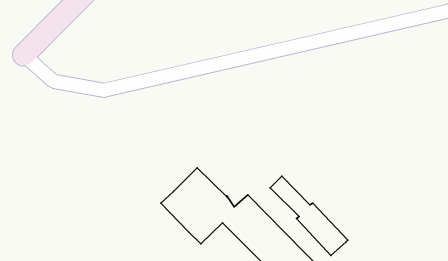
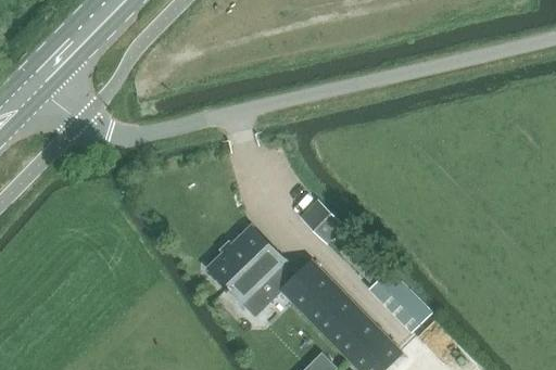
building: none -> [300,200,345,244]

